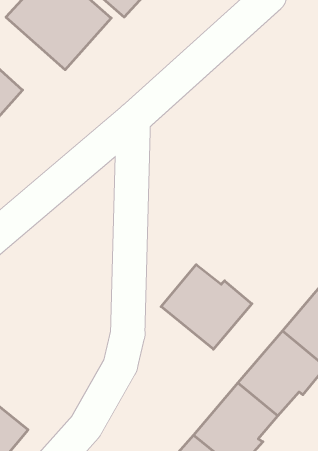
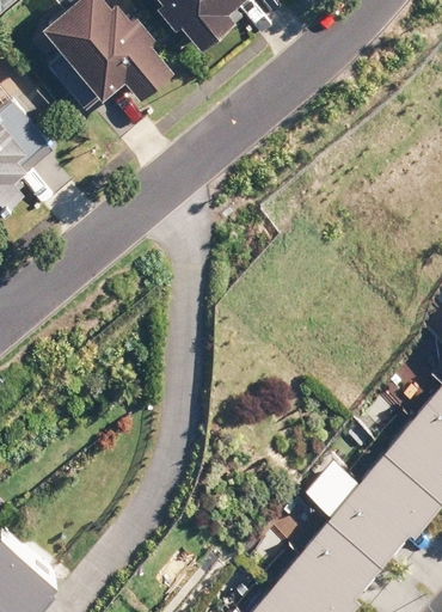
building: [161,265,252,349] -> none

